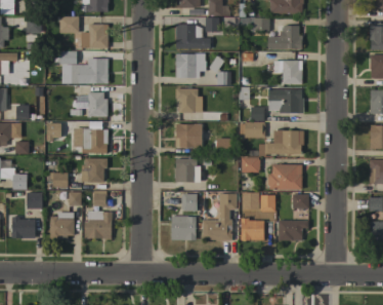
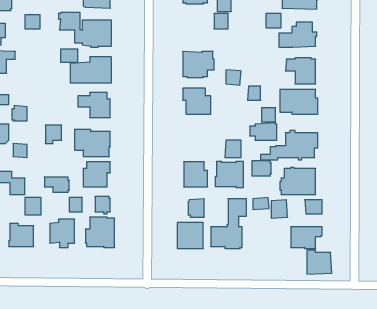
building: [176,25,210,48] -> none
building: [175,123,202,148] -> [215,162,243,188]
building: [241,218,264,240] -> [307,250,332,274]

